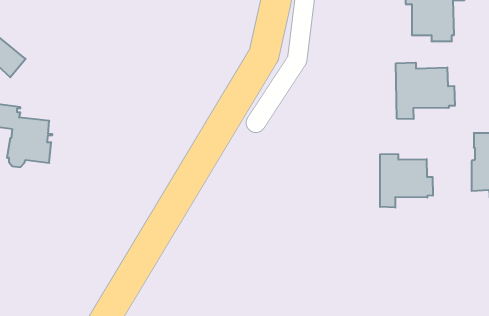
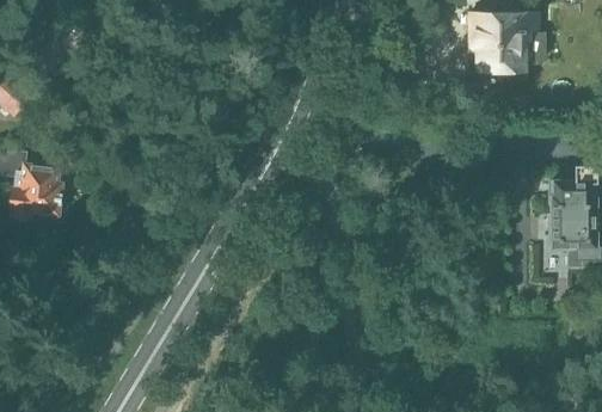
building: [396,63,455,119] -> none
building: [380,154,433,208] -> none

